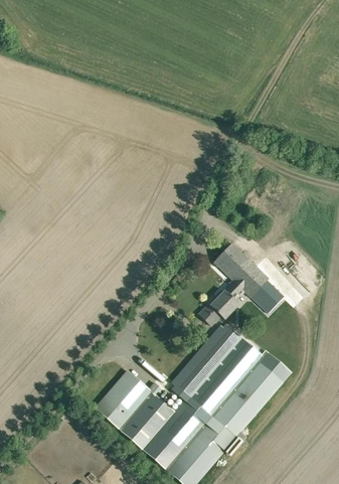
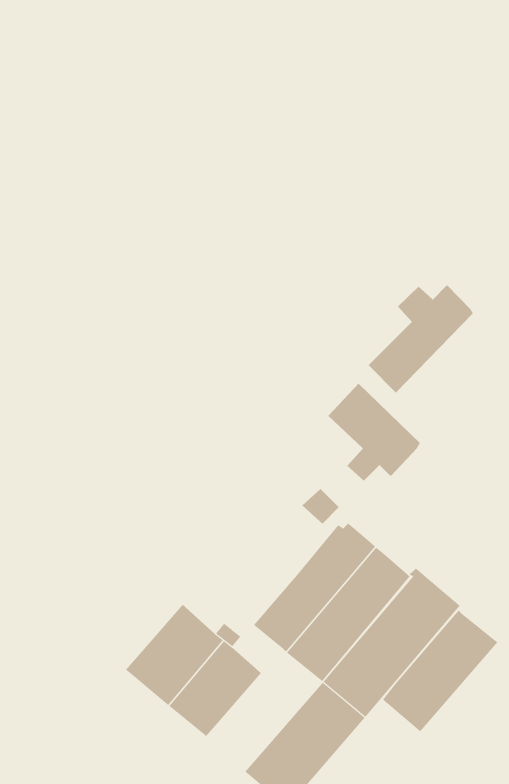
building: none -> [368,285,474,393]
building: [250,281,283,313] -> none
building: [210,291,238,319] -> none
building: [143,397,210,469] -> [382,610,498,732]

